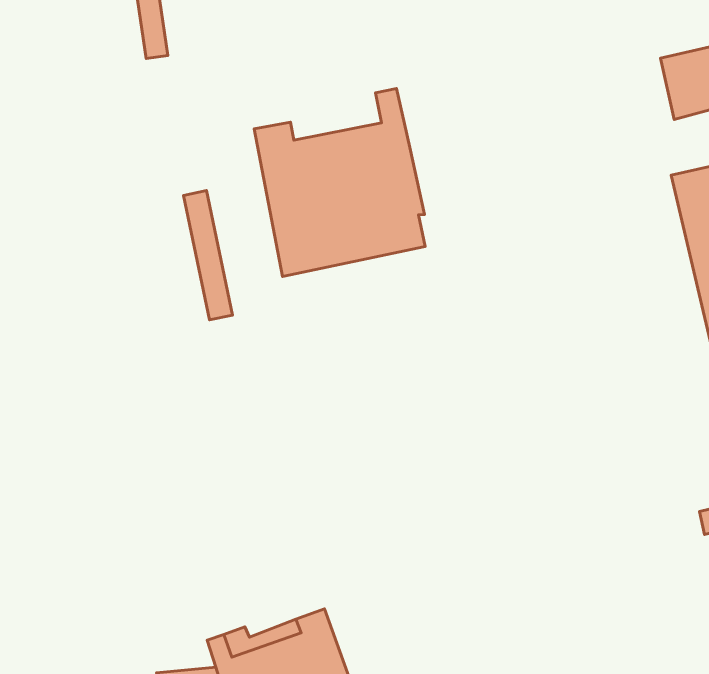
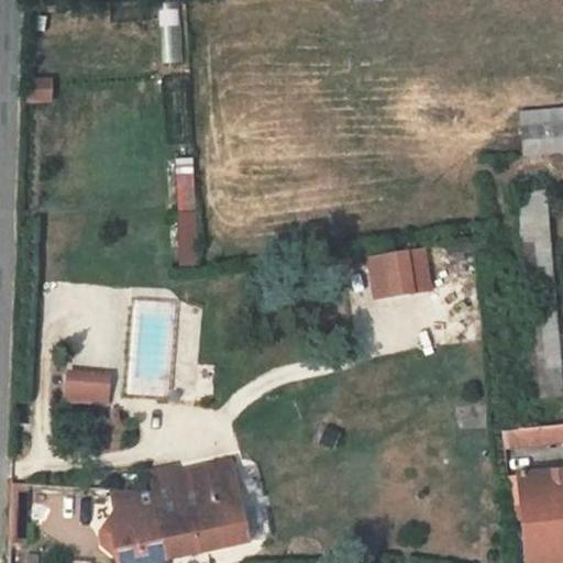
building: [254,88,425,276] -> none
building: none -> [374,250,432,299]
building: none -> [62,371,109,404]

